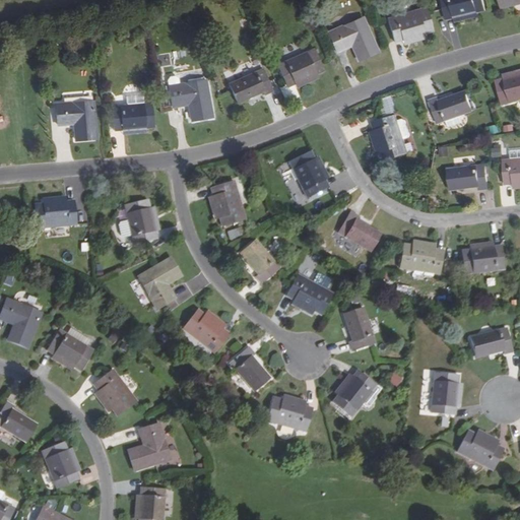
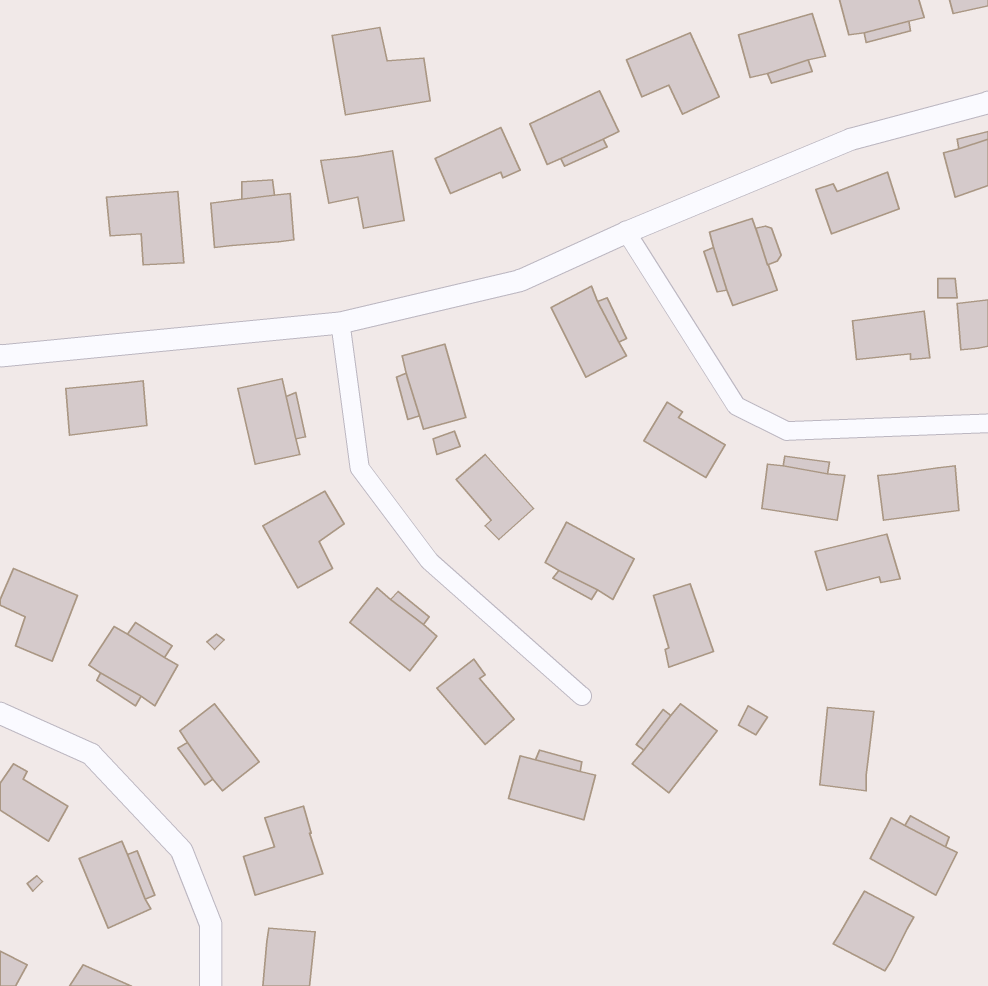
building: none -> [332,27,430,115]
building: [469,328,514,358] -> [815,534,900,590]
building: none -> [833,891,914,971]

